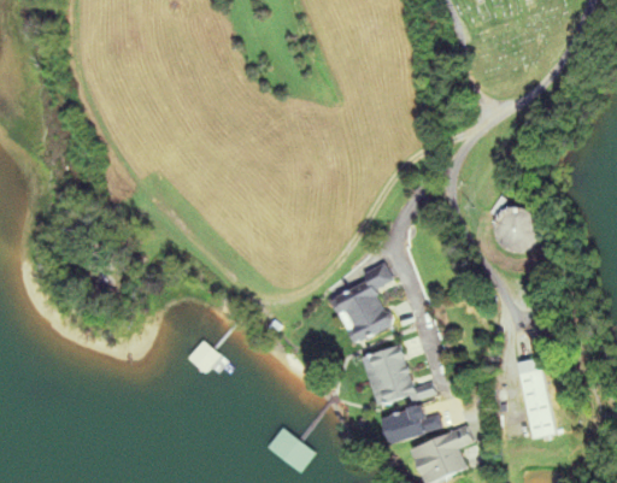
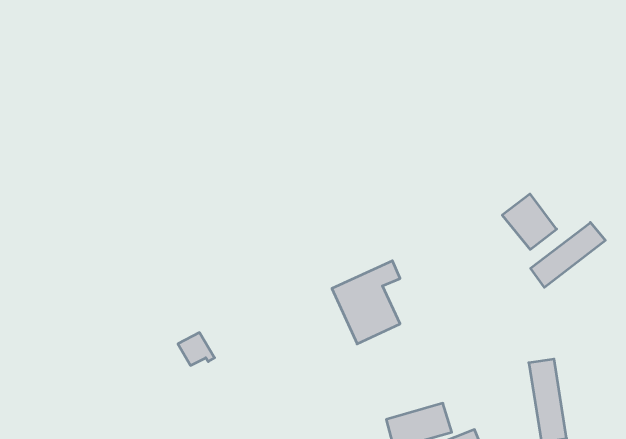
building: none -> [531,222,605,287]
building: [363,344,433,408] -> none

